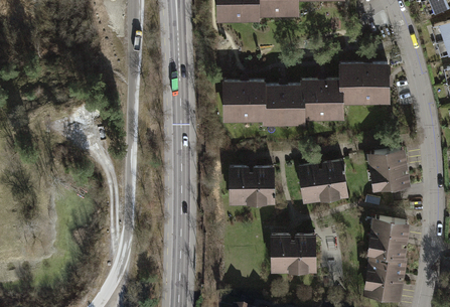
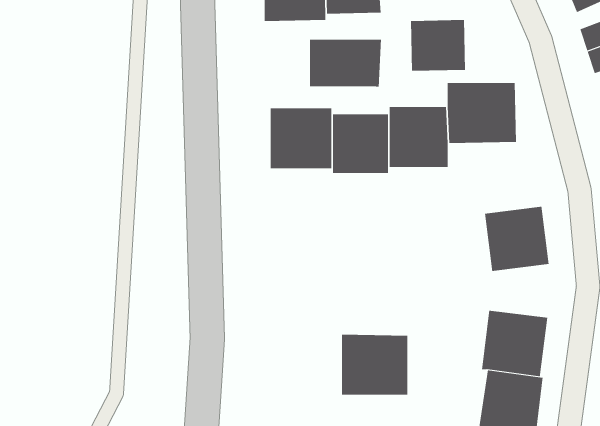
building: none -> [411,19,466,72]
building: none -> [309,39,381,88]
building: [298,157,349,202] -> none
building: [230,163,276,203] -> none

